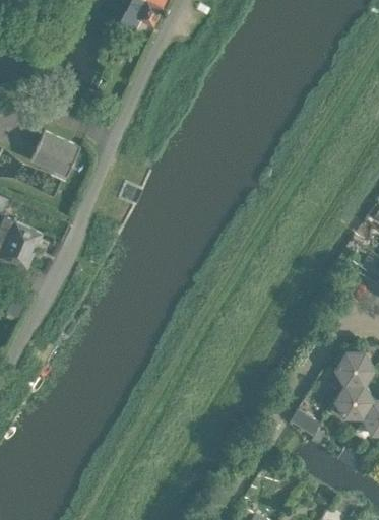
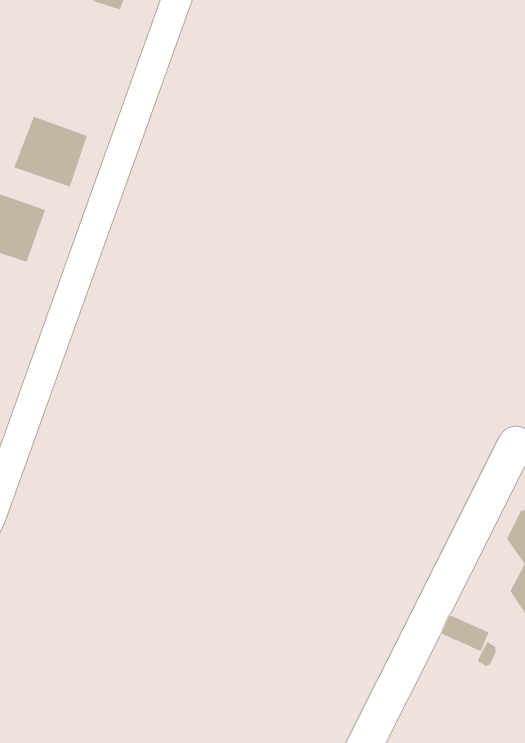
building: none -> [14,116,88,187]

